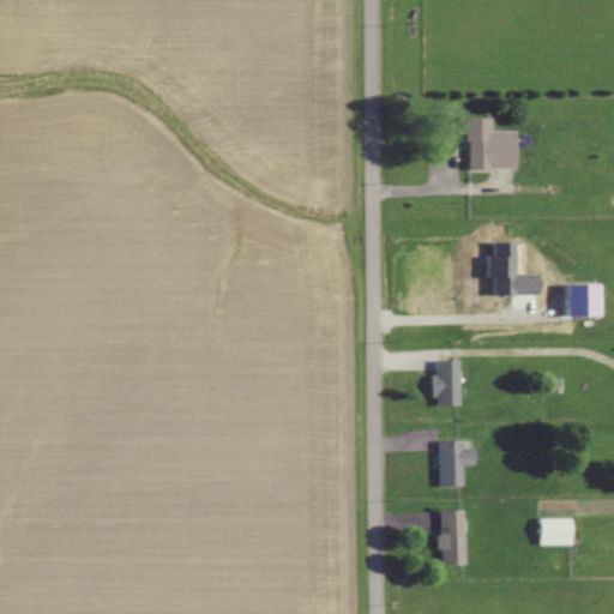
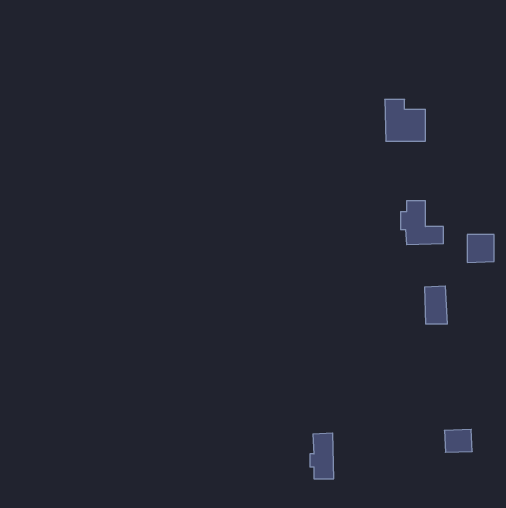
building: [433,360,460,405] -> [425,286,447,324]
building: [438,440,475,487] -> none
building: [437,510,465,565] -> [310,433,334,479]

